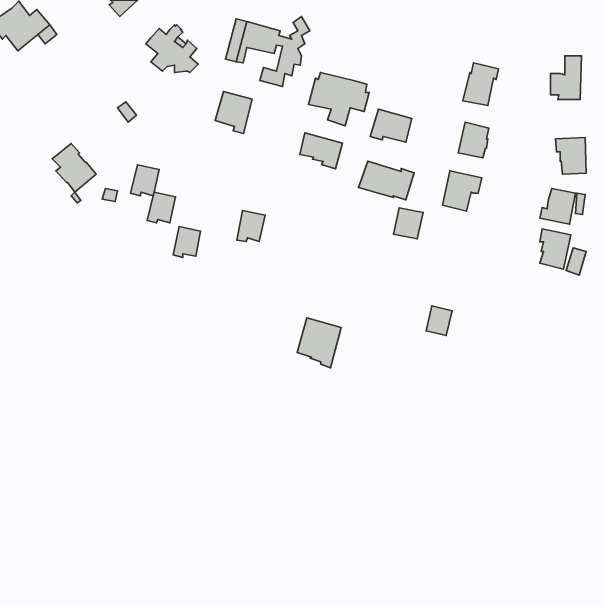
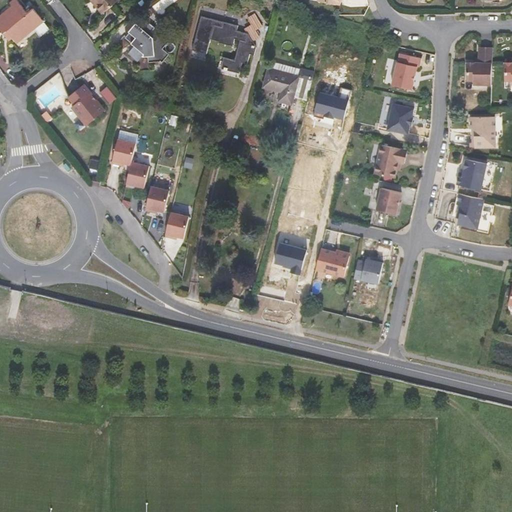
building: [215,92,252,133] -> none
building: [300,133,343,169] -> none
building: [52,143,96,192] -> [66,84,103,125]
building: [359,161,414,200] -> none
building: [393,208,423,239] -> [375,188,400,214]
building: [237,211,265,241] -> [165,217,189,243]
building: none -> [313,248,348,276]
building: [297,318,341,368] -> [271,232,308,274]

